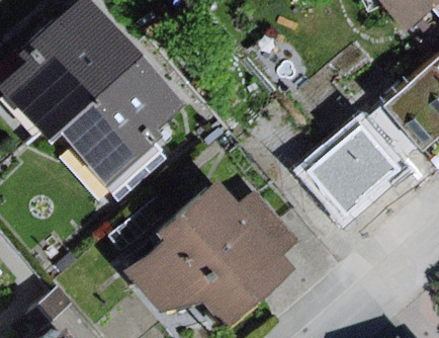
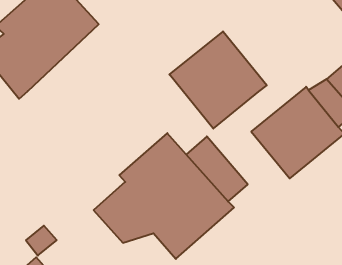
building: [37,46,168,182] -> none
building: none -> [169,31,267,129]

